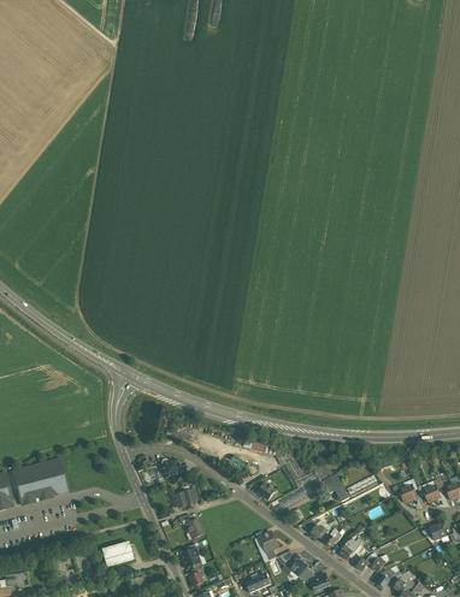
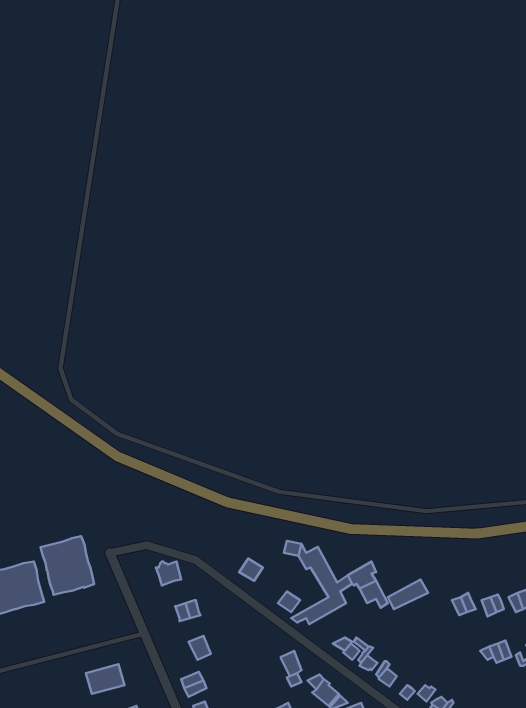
building: none -> [41,536,94,595]

